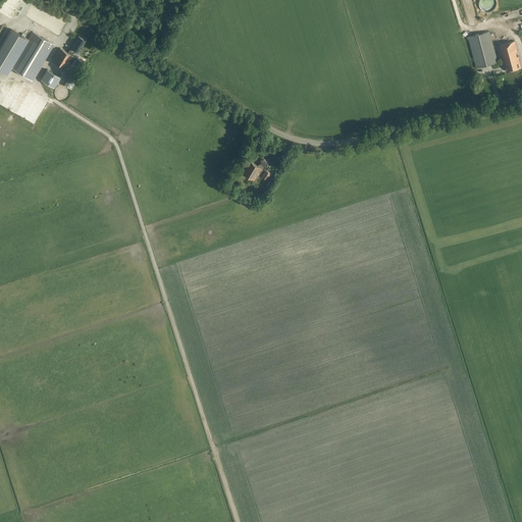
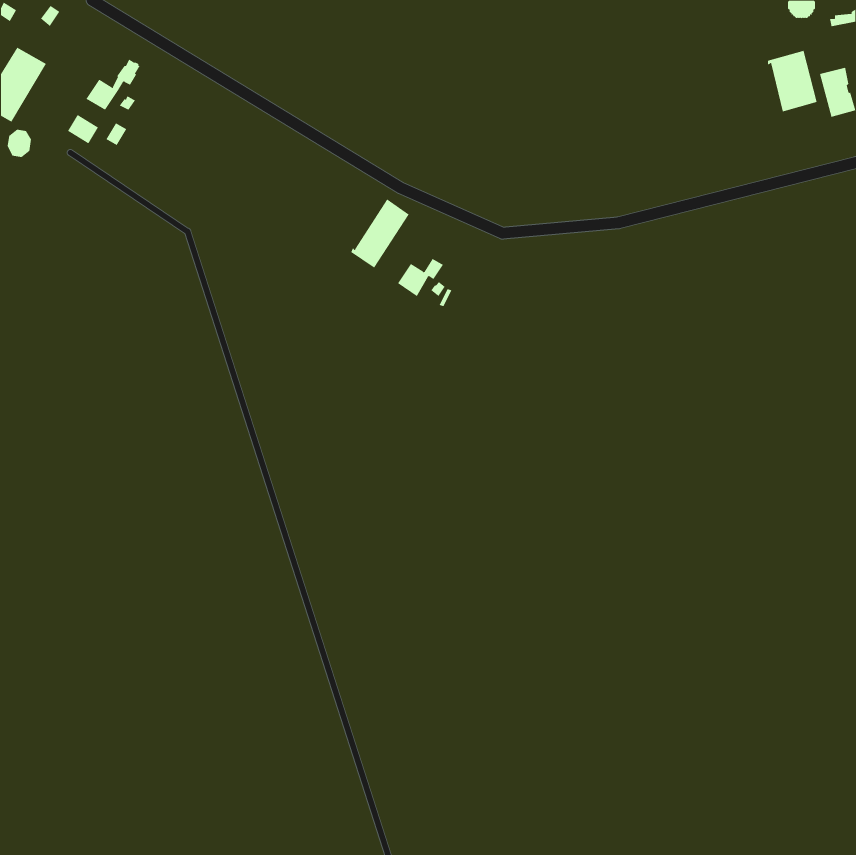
building: [11,33,54,81] -> none
building: none -> [350,199,410,268]

